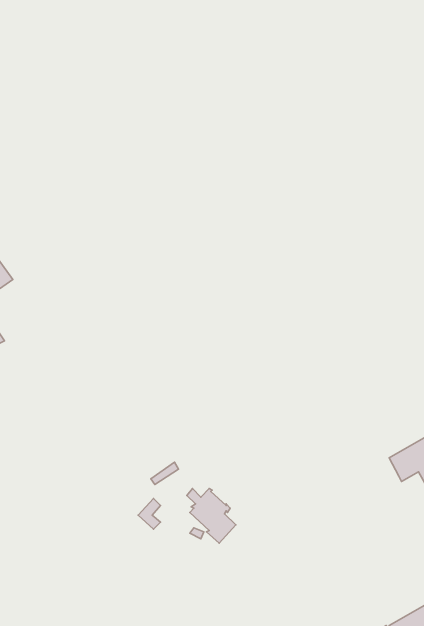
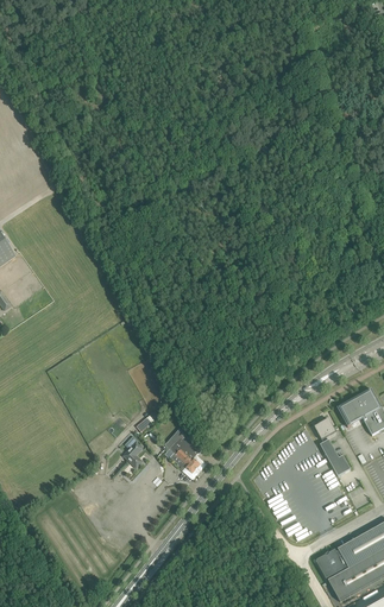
building: none -> [314,417,351,475]

